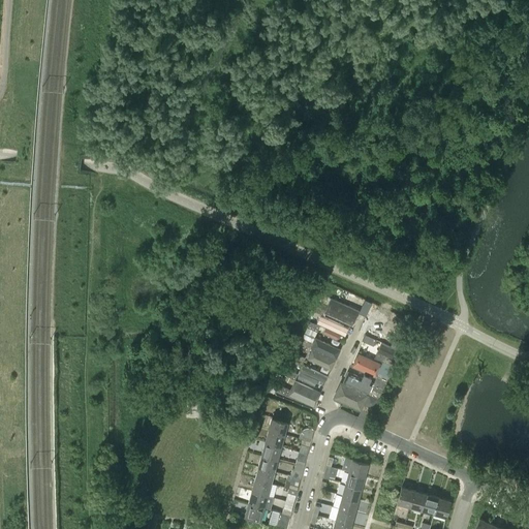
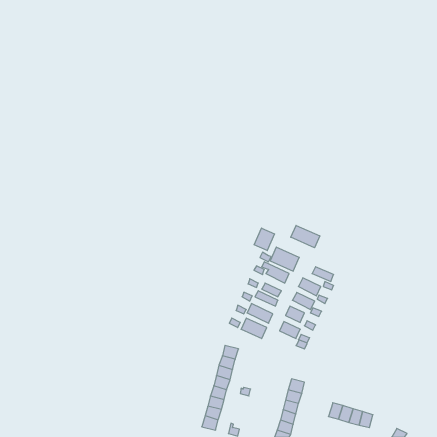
building: none -> [291,225,320,248]
building: none -> [254,228,275,251]

